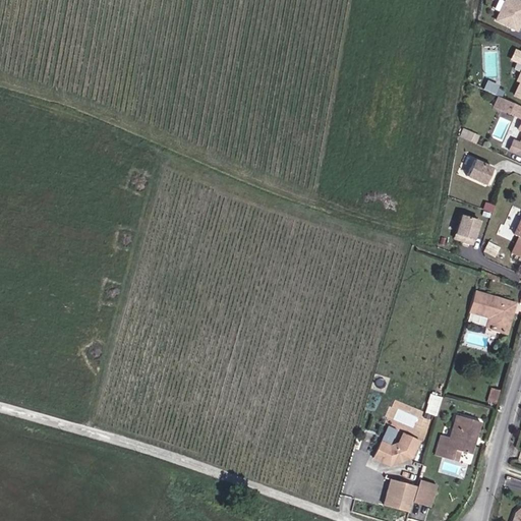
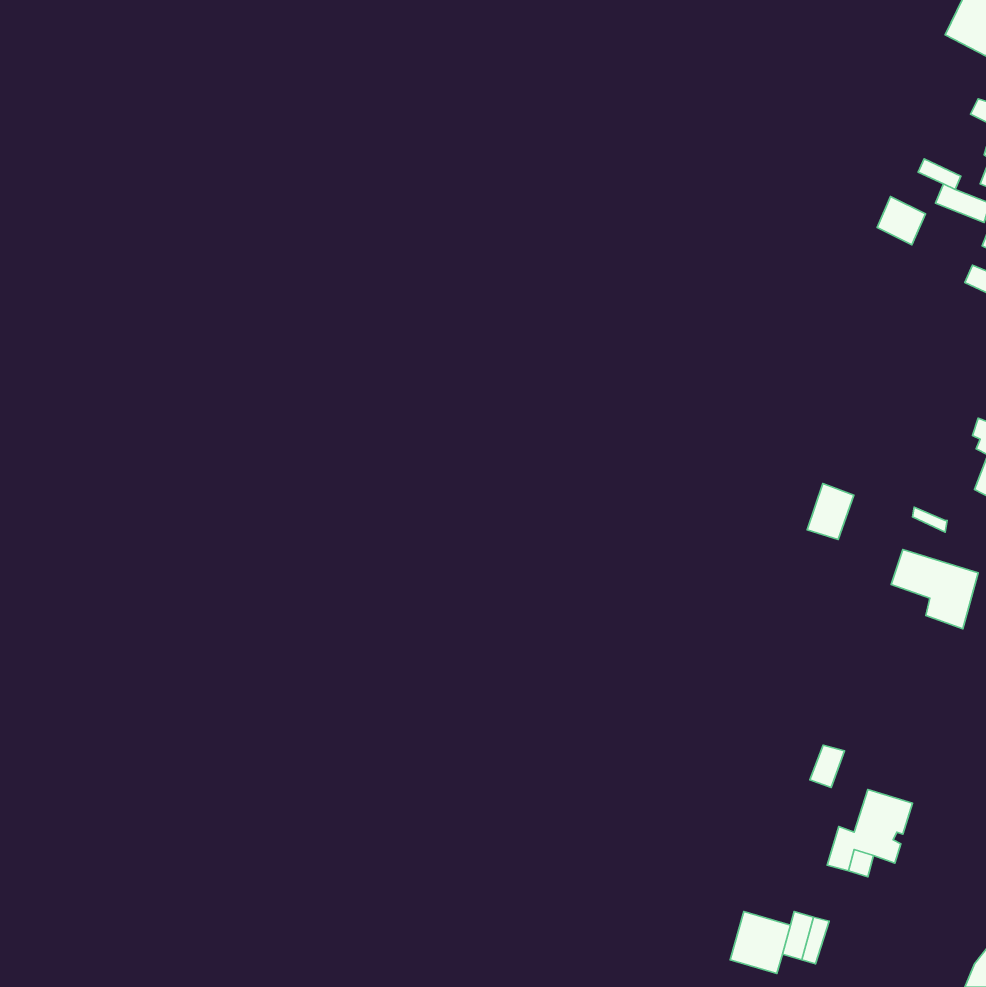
building: [467,160,493,185] -> [877,196,926,245]
building: [456,213,480,242] -> [807,483,854,540]
building: [373,432,421,465] -> none

